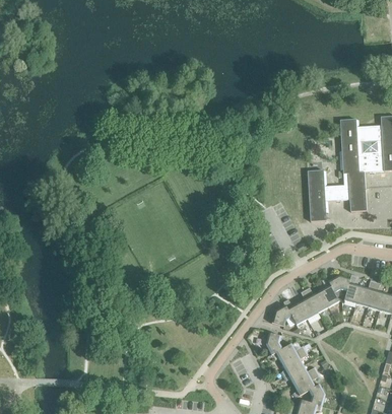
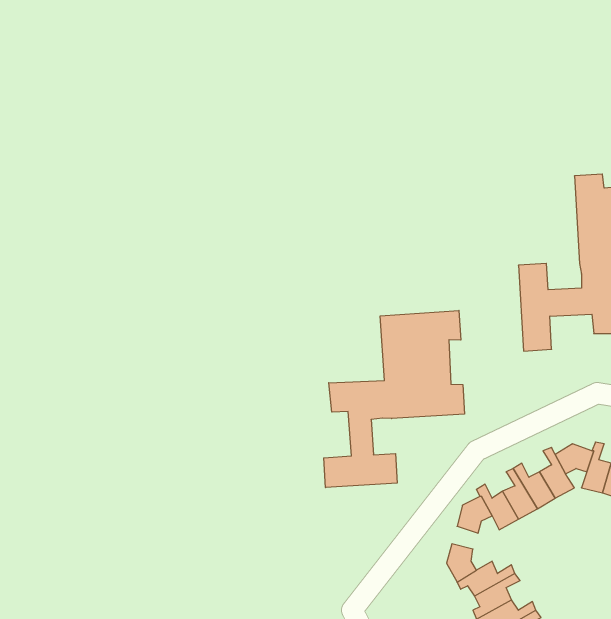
building: none -> [324,310,464,488]

